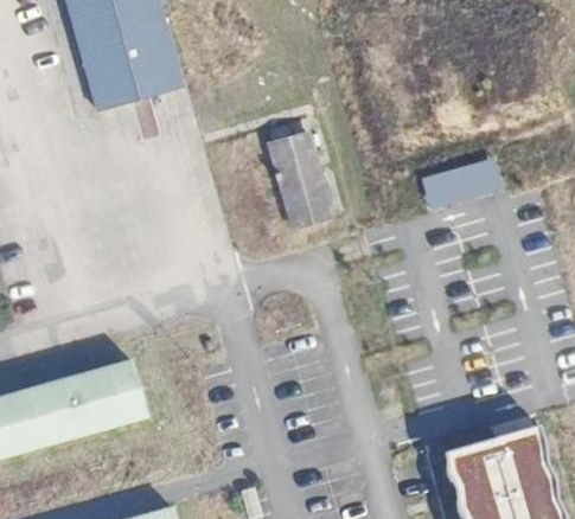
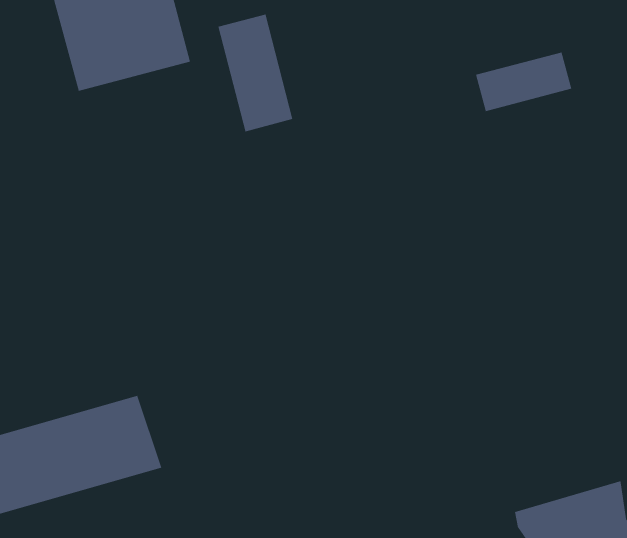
building: [266,130,328,229] -> [218,14,293,132]
building: [420,158,500,207] -> [475,52,572,112]

